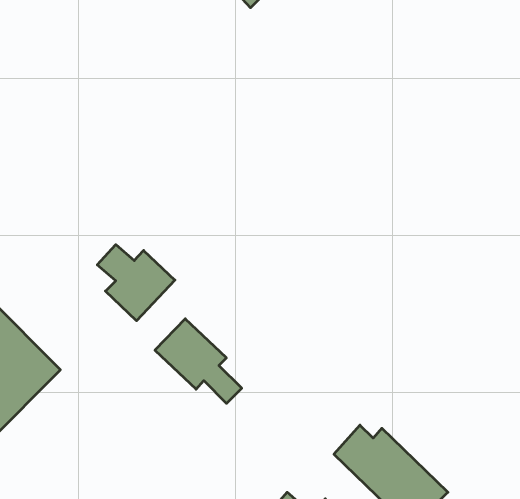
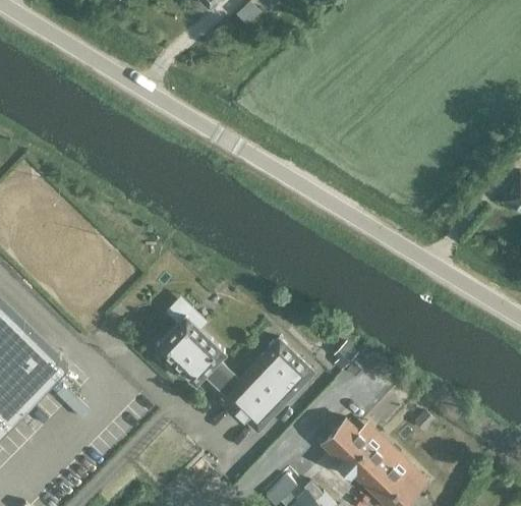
building: [97,245,175,321] -> none
building: none -> [219,339,311,432]

